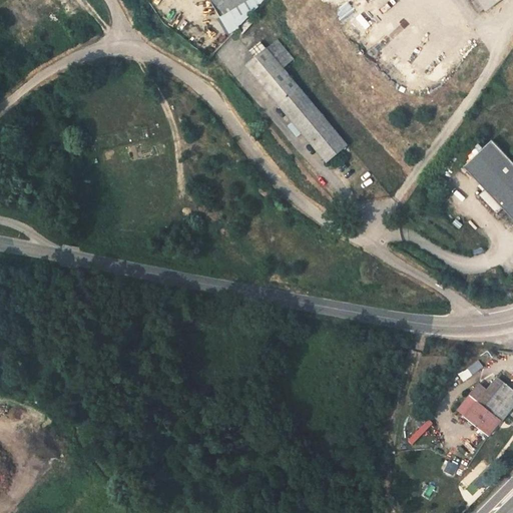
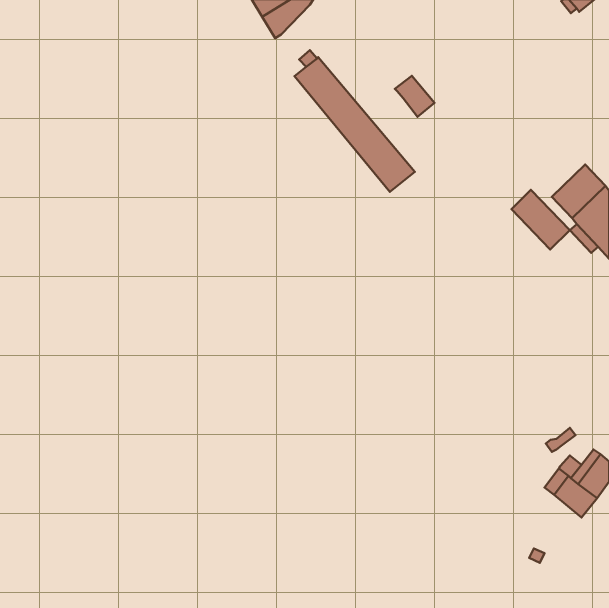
building: none -> [395,76,434,117]
building: none -> [511,190,570,249]

